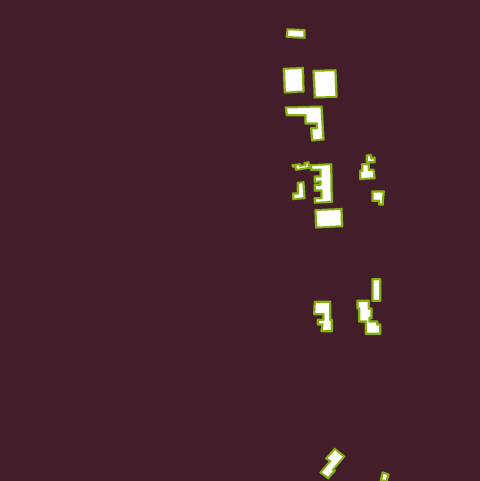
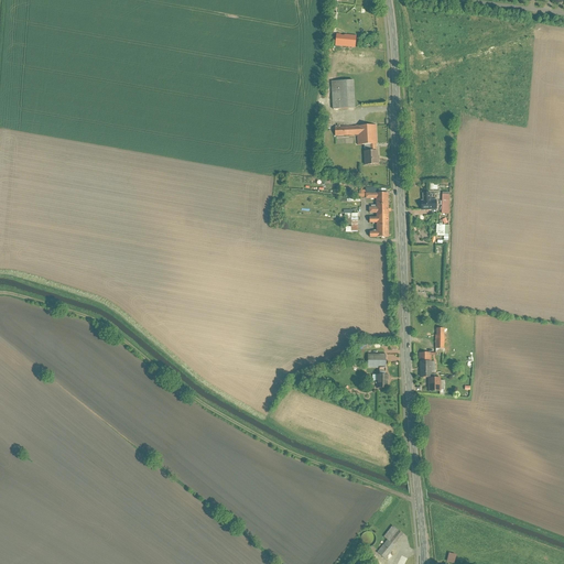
building: [314,70,336,98] -> none
building: [316,209,342,228] -> none

